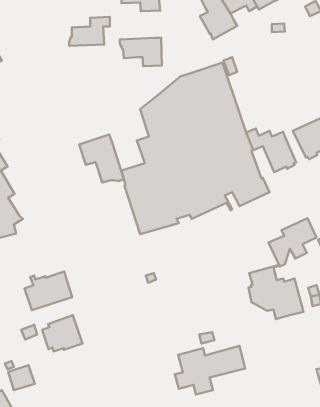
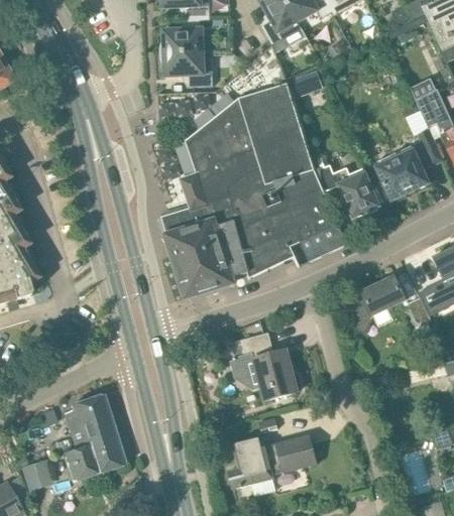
building: [69,17,110,46] -> [160,16,211,52]
building: [79,134,124,182] -> none
building: [248,265,303,319] -> [230,332,299,399]
building: [25,271,72,310] -> [65,431,124,480]

